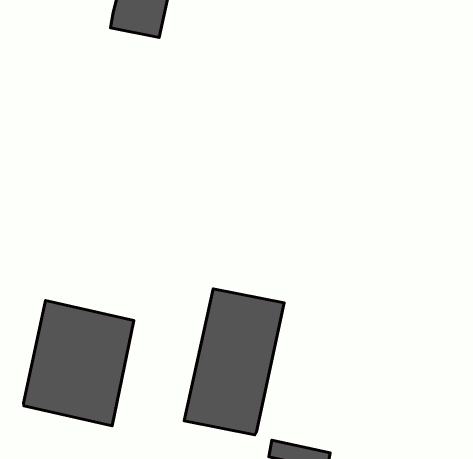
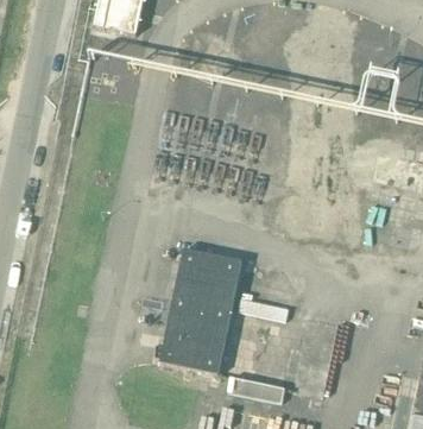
building: [23,300,134,426] -> none

